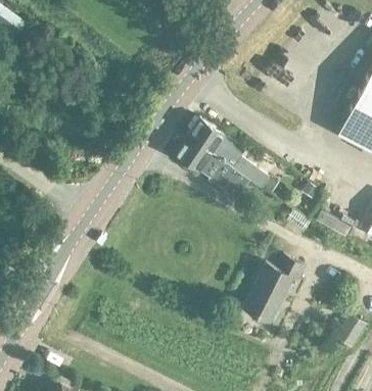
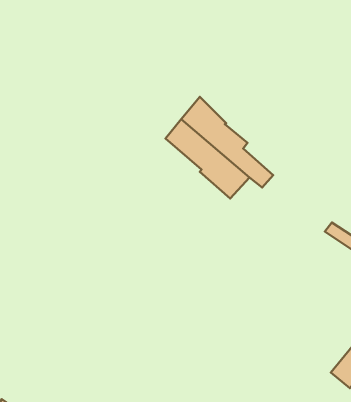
building: [242,257,307,324] -> none

